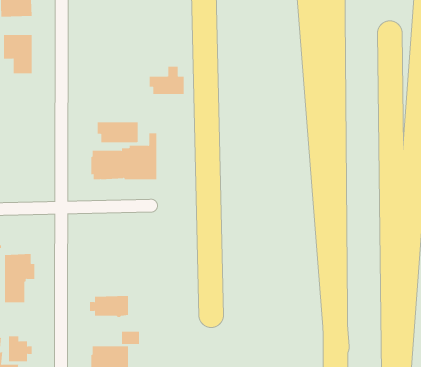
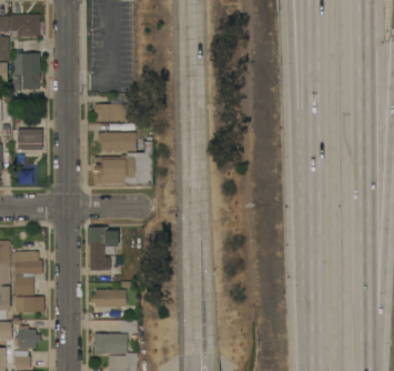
building: [149,66,185,95] -> [94,94,127,120]
building: none -> [18,128,42,149]
building: none -> [85,227,117,270]
building: none -> [16,295,44,311]

